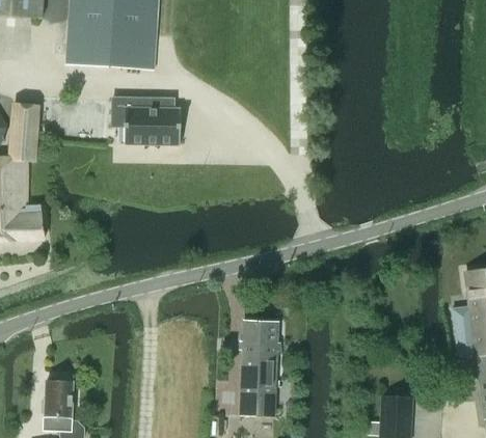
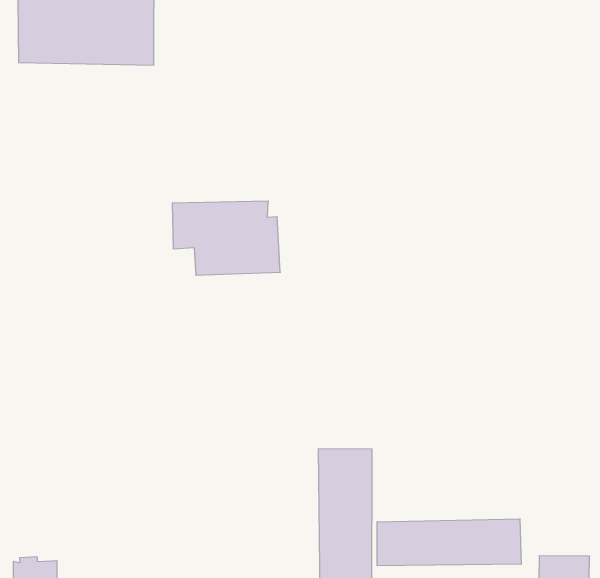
building: [111,95,179,143] -> [172,201,280,275]
building: none -> [377,519,521,566]

